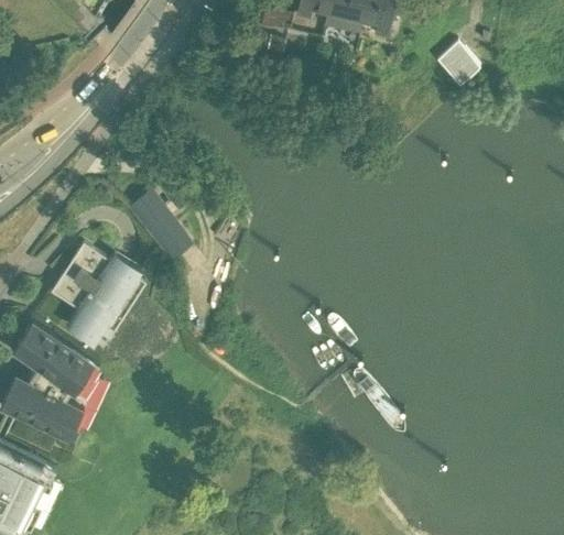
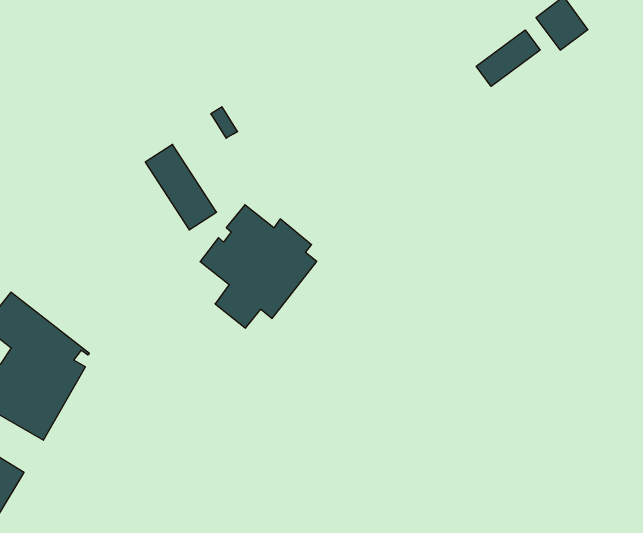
building: none -> [476,30,540,86]
building: [51,244,145,345] -> [200,205,317,328]

